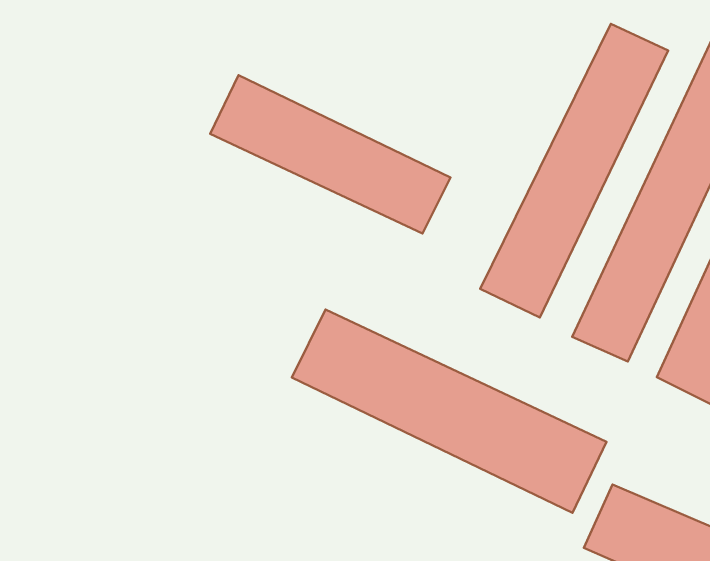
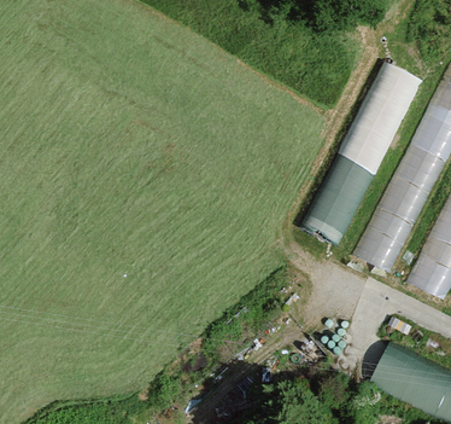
building: [210,75,450,233] -> none
building: [292,310,607,513] -> none

